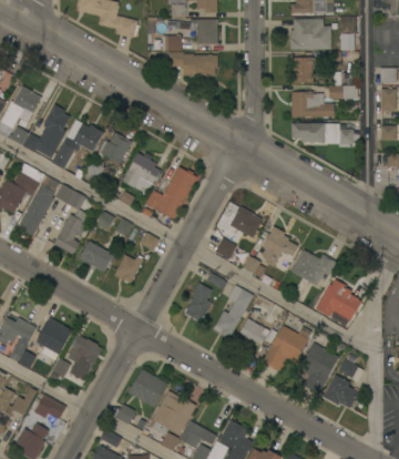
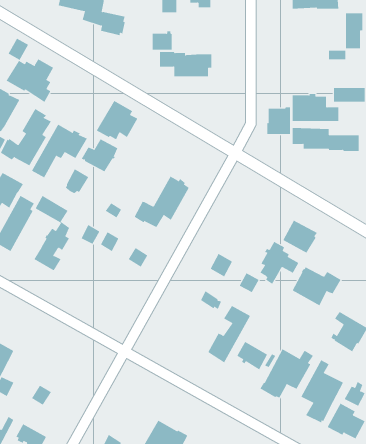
building: [289,18,330,49] -> none
building: [188,19,217,43] -> none
building: none -> [6,38,54,103]
building: [290,57,313,82] -> [267,107,291,135]
building: [121,153,160,190] -> [96,100,138,140]
building: [229,206,262,237] -> [283,220,318,254]
building: [78,241,113,272] -> none
building: [113,255,143,284] -> none
building: [184,283,212,322] -> none
building: [35,317,71,354] -> none
building: [68,336,101,369] -> none
building: [127,369,166,407] -> none

